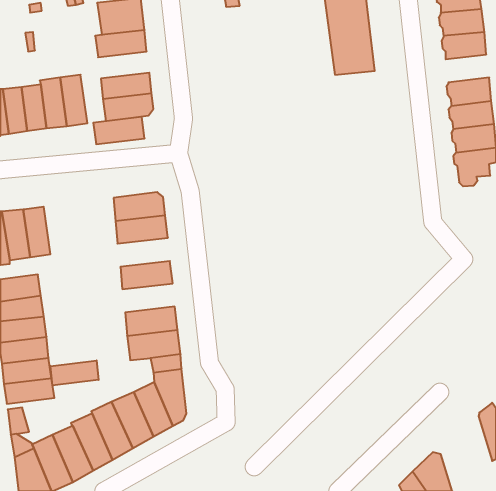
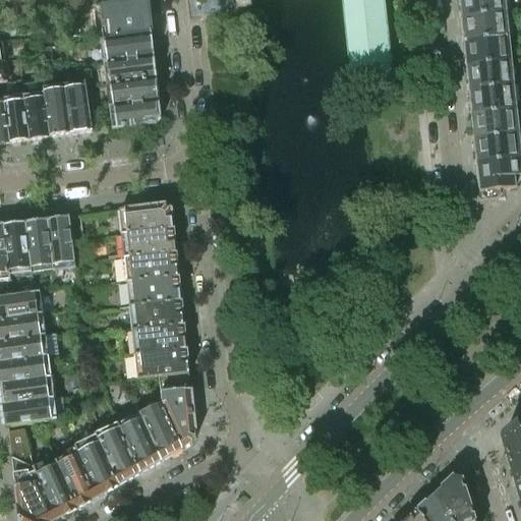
building: none -> [465,57,513,86]
building: [93,117,145,144] -> [103,54,157,82]
building: none -> [46,214,75,267]
building: none -> [123,249,178,280]
building: none -> [128,297,183,328]
building: [51,360,99,386] -> none

